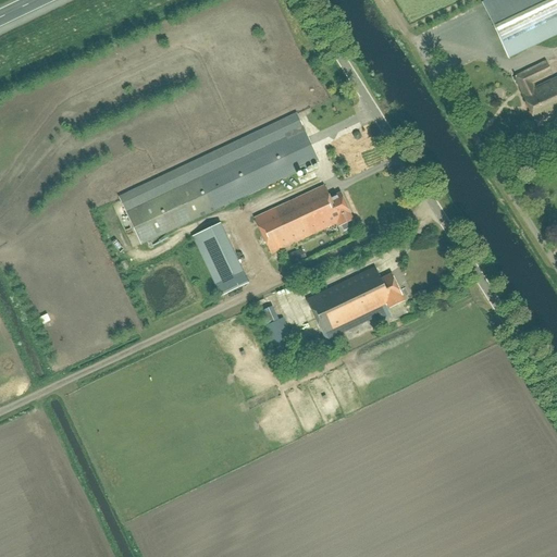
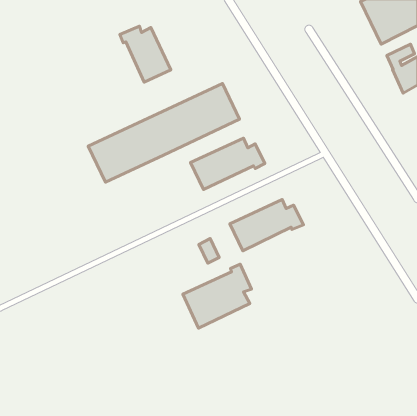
building: none -> [120,26,171,82]
building: [195,224,246,287] -> none
building: none -> [183,264,251,328]

